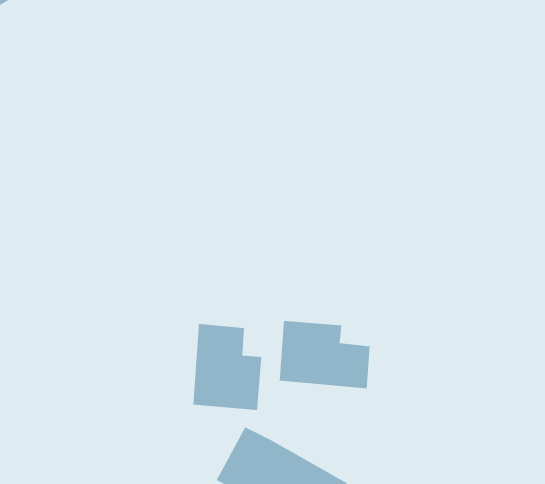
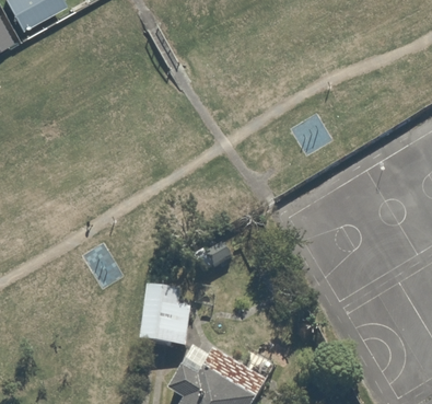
building: [279,320,370,389] -> none

